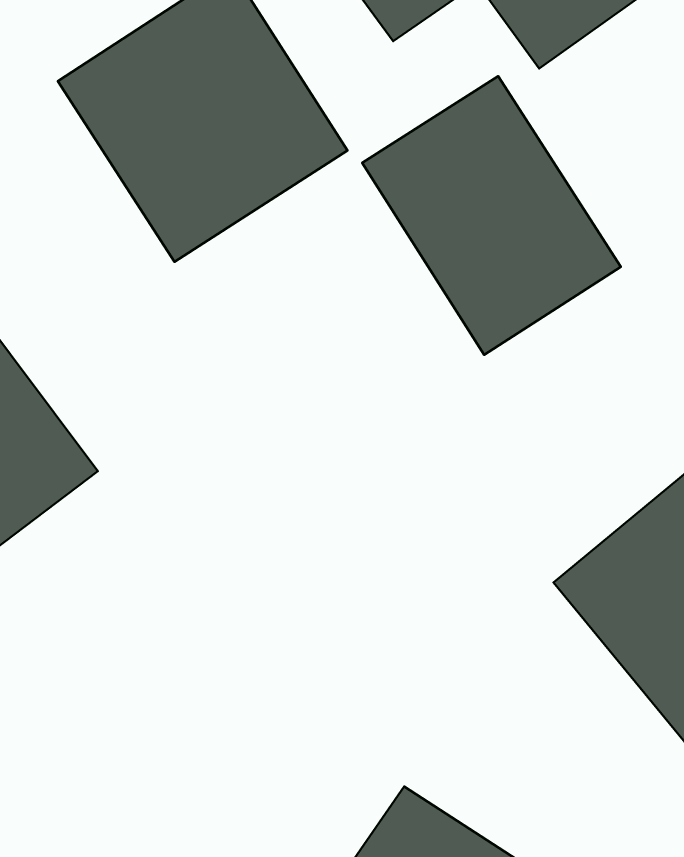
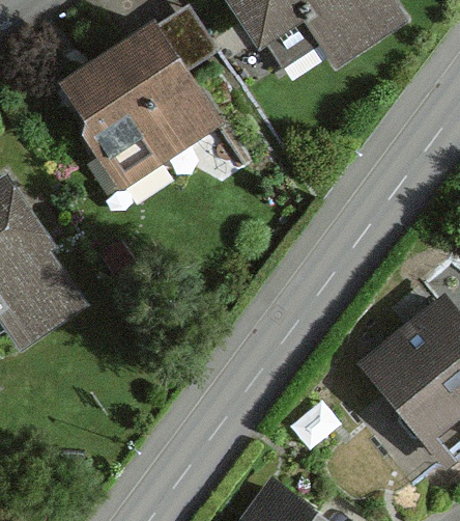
building: [362,76,621,355] -> none

